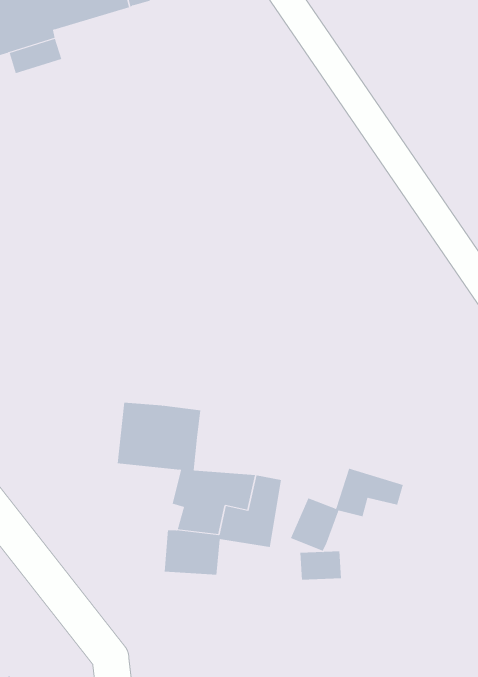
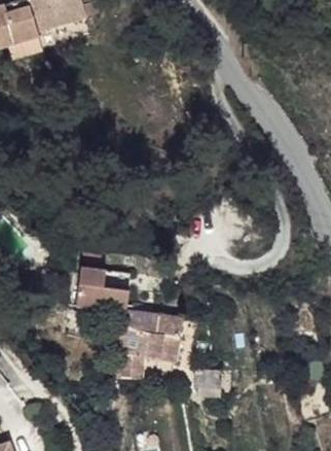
building: [290,468,404,552] -> none

